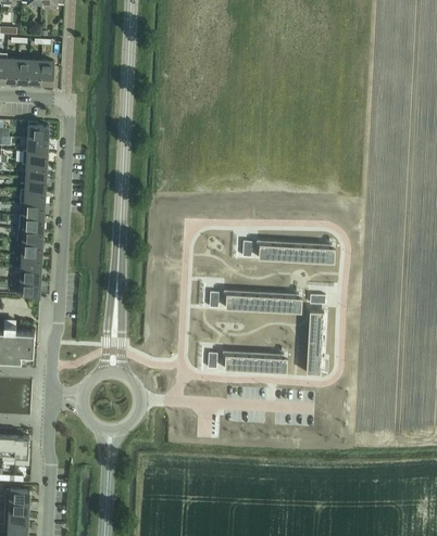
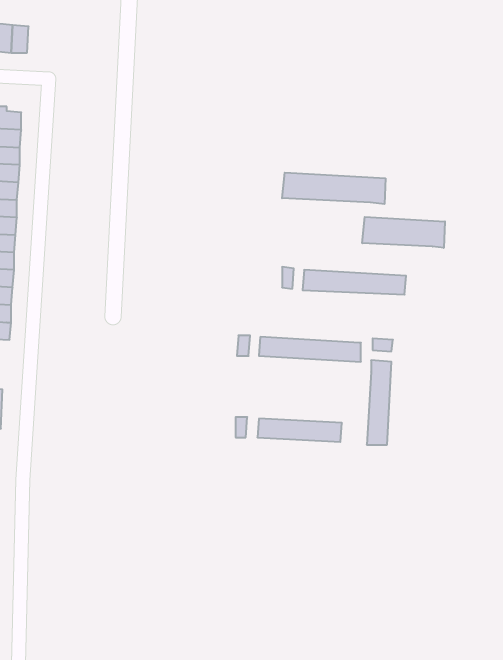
building: none -> [282,173,385,204]
building: none -> [362,217,445,248]

